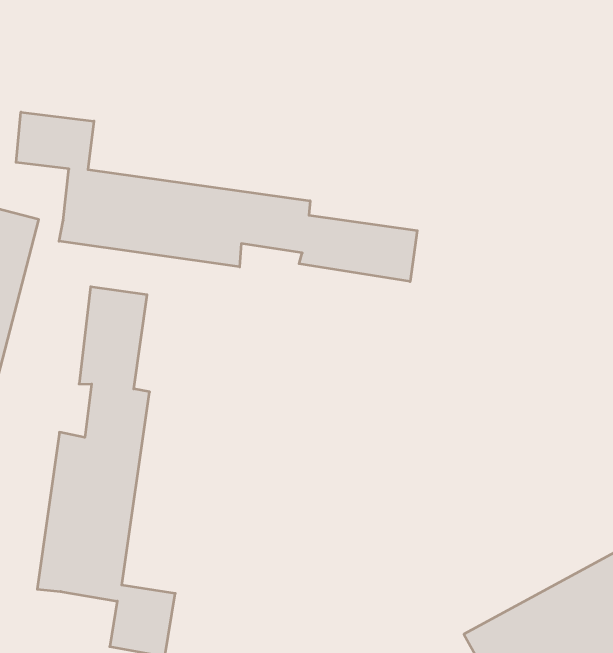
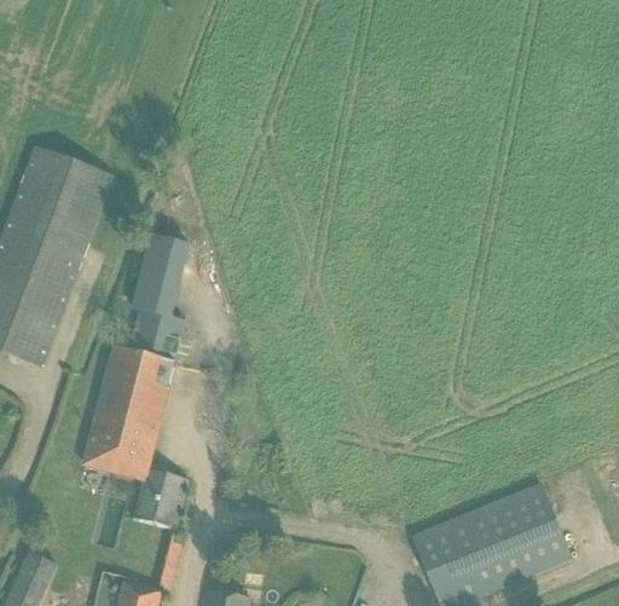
building: [16,112,417,282] -> none

